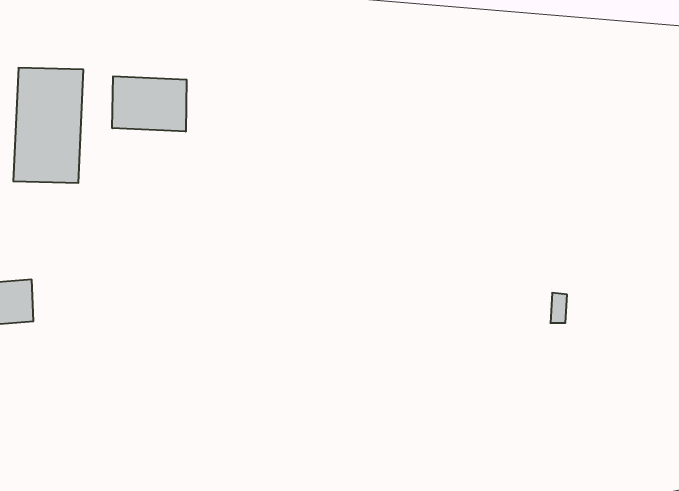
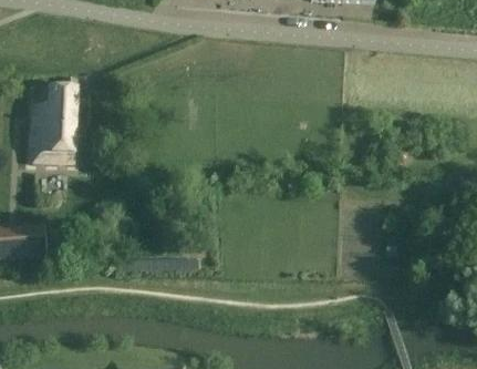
building: [112,76,187,132] -> none

